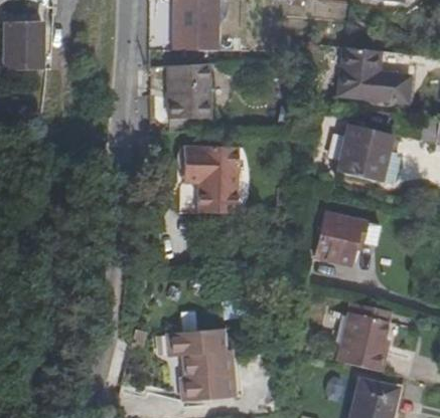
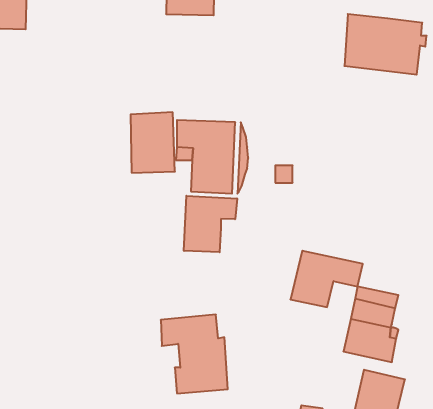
building: [168,64,209,121] -> [131,112,175,173]
building: [339,125,394,180] -> none
building: [313,213,381,265] -> [290,251,363,307]
building: none -> [184,196,237,252]

